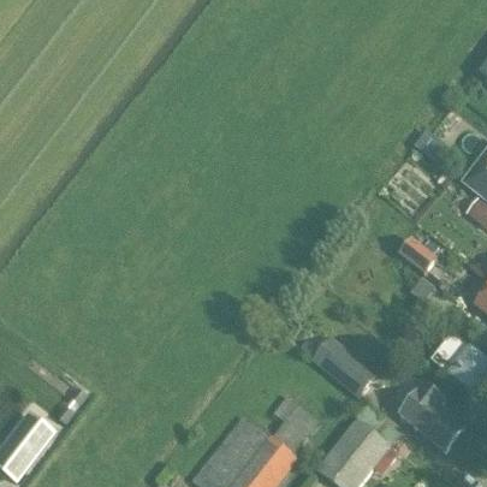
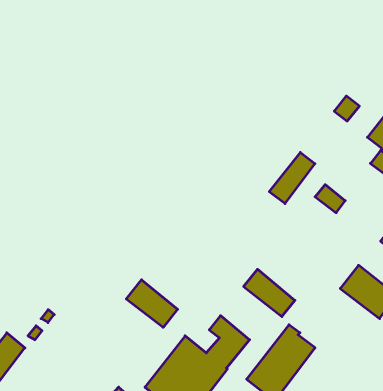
building: none -> [269,152,315,204]
building: none -> [126,280,178,327]
building: [399,381,465,450] -> none

